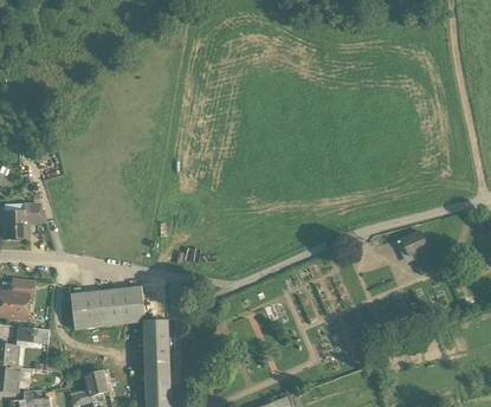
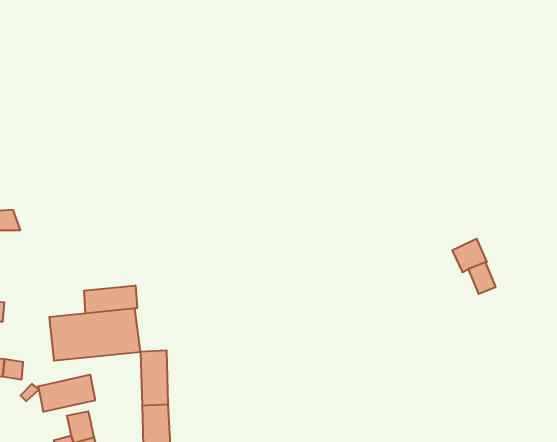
building: none -> [84,285,137,313]
building: none -> [38,375,95,412]

